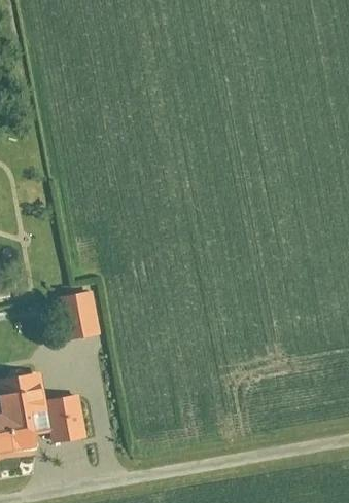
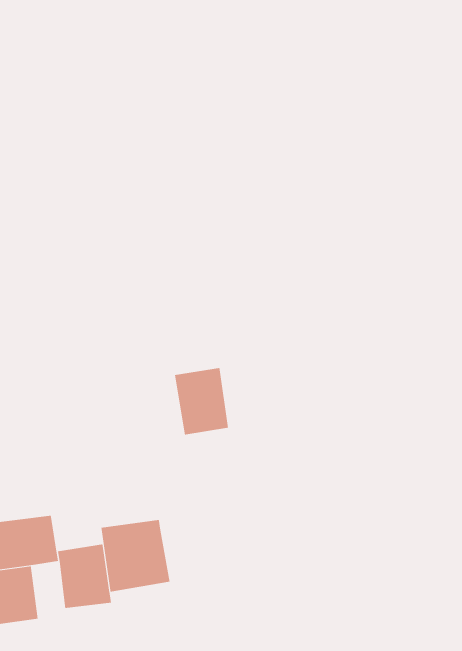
building: [58,291,97,339] -> [174,368,229,435]
building: none -> [101,519,170,592]

